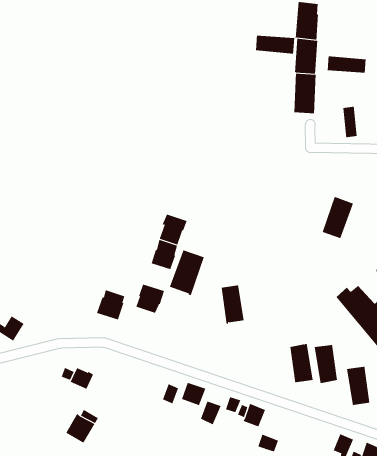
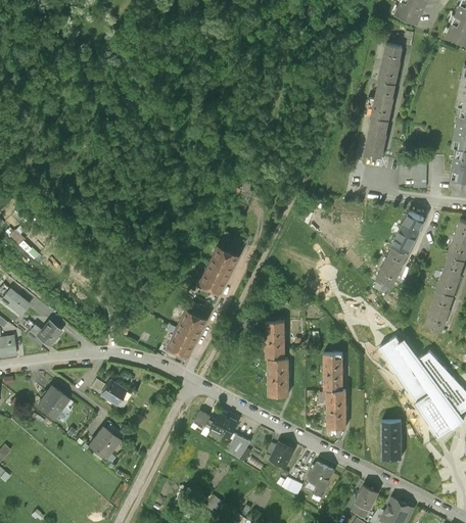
building: [255,35,295,54] -> none
building: [327,55,366,73] -> none
building: none -> [391,211,426,253]
building: [169,249,205,296] -> none
building: [96,290,125,320] -> [165,329,196,362]
building: none -> [269,358,288,395]
building: [314,344,338,384] -> [323,352,342,390]
building: none -> [38,388,68,419]
building: none -> [307,461,334,494]

